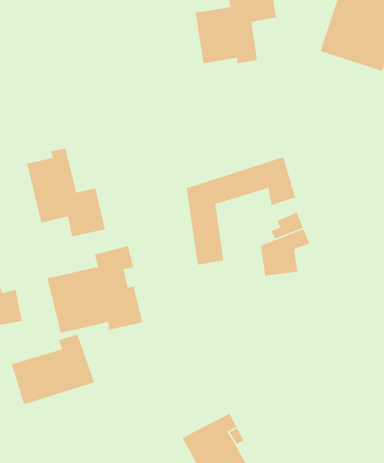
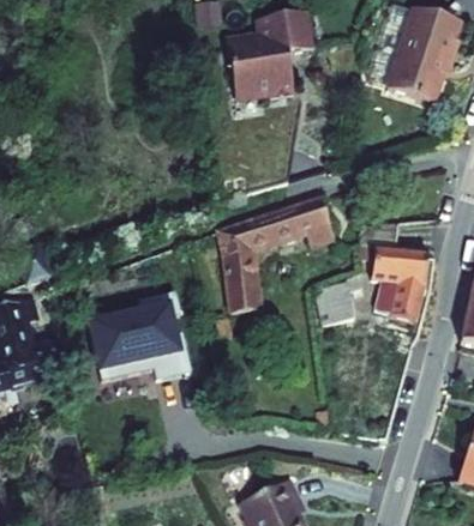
building: [26,147,106,237] -> none
building: none -> [368,232,434,326]
building: [11,333,95,405] -> none

